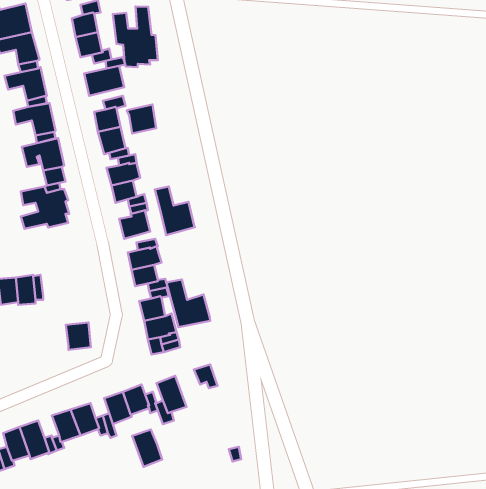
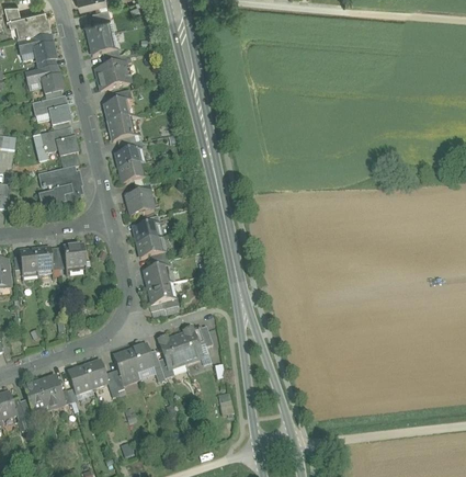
building: [113,6,158,67] -> none
building: [127,105,156,134] -> none
building: [155,186,195,235] -> none
building: [167,280,210,327] -> none
building: [66,322,91,350] -> [64,243,86,268]
building: [132,430,162,467] -> [175,330,202,363]

